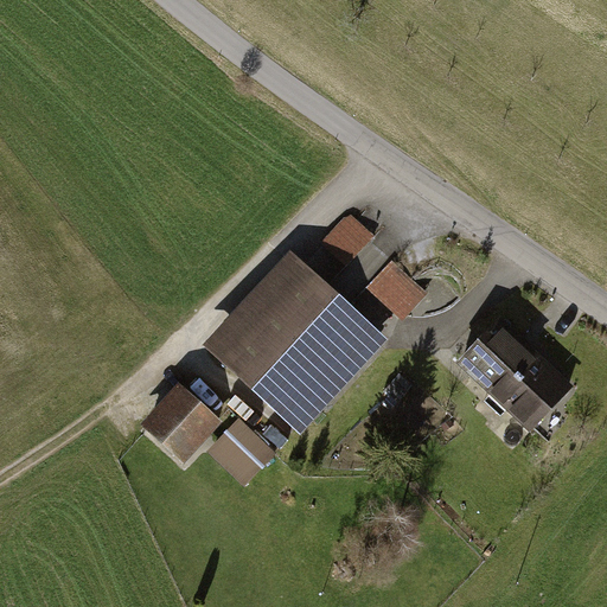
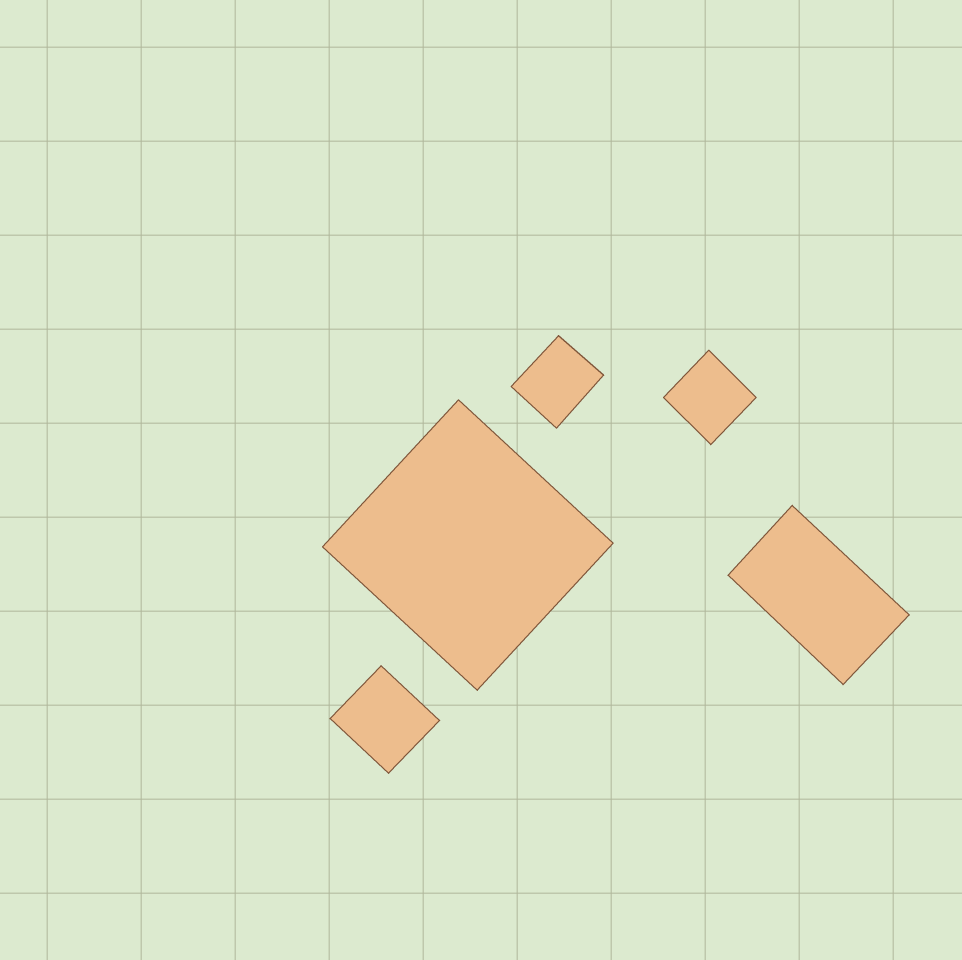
building: [369,266,427,325] -> [664,350,756,445]
building: [142,383,221,461] -> none

